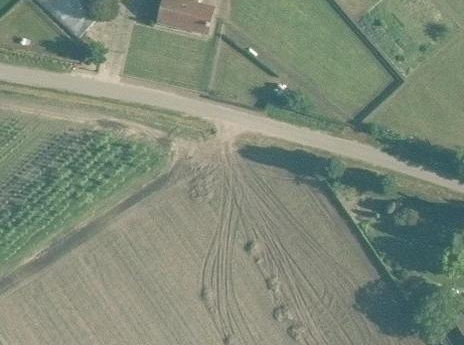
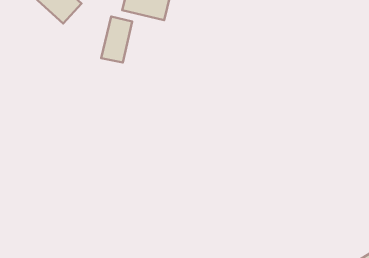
building: none -> [101,17,132,62]

